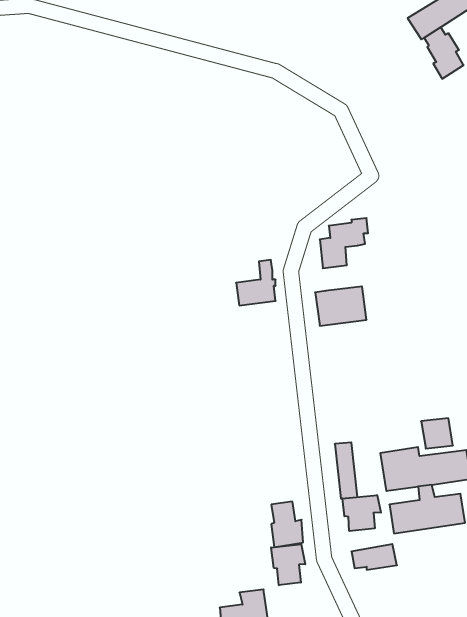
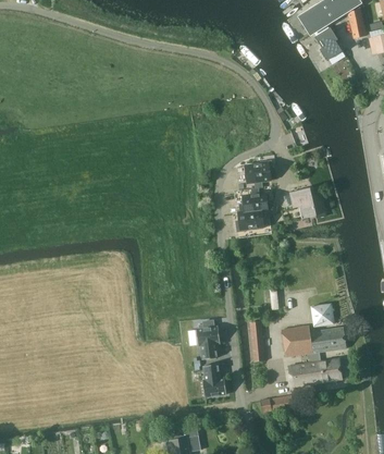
building: none -> [289,187,325,218]
building: [236,260,276,305] -> [239,180,268,212]
building: none -> [196,326,220,358]
building: [342,495,381,531] -> none
building: [271,544,305,585] -> none

